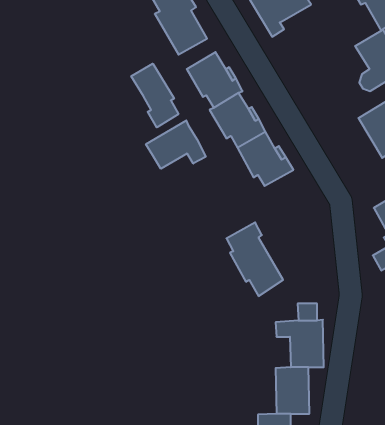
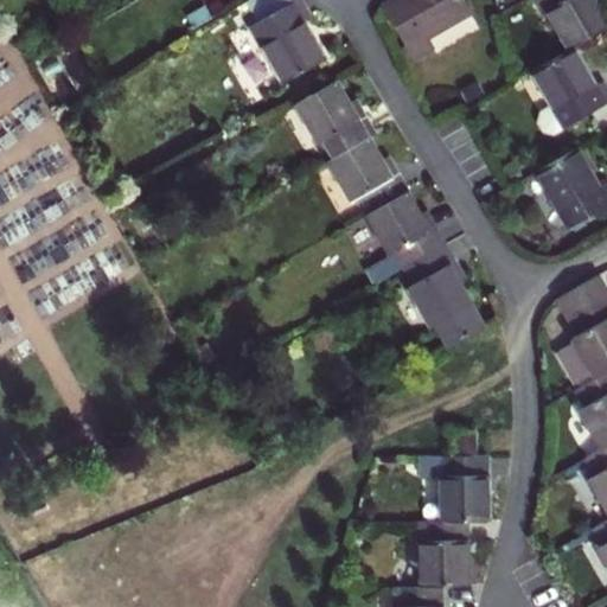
building: [131,64,178,127] -> none
building: [146,120,206,169] -> none
building: [226,222,283,296] -> [405,247,485,350]

